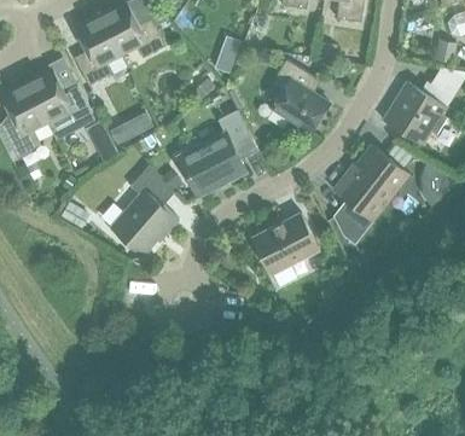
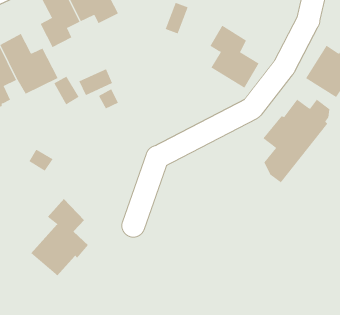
building: [176,109,257,196] -> none
building: [110,164,178,255] -> [31,198,89,276]
building: [251,211,319,285] -> none

